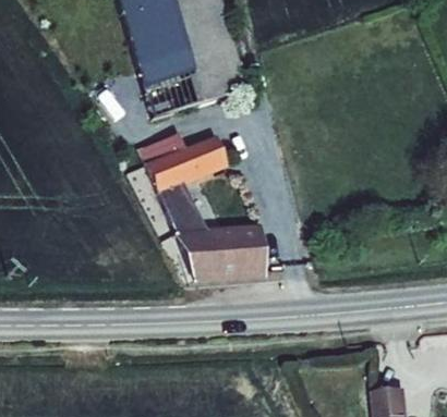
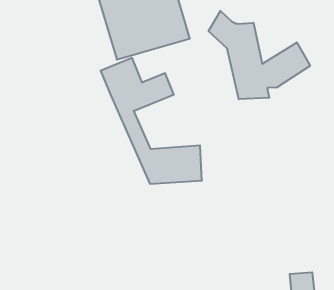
building: none -> [209,11,310,99]

